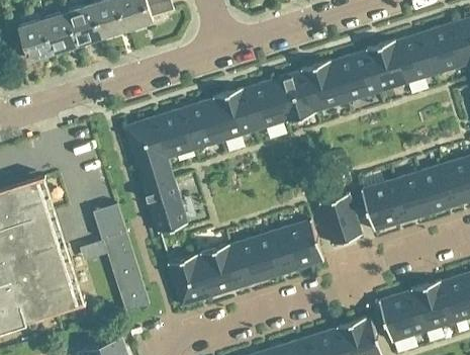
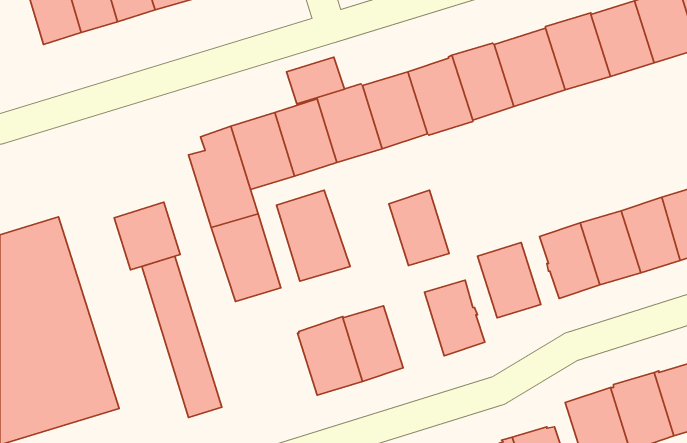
building: none -> [286,57,344,104]
building: none -> [277,190,350,281]
building: none -> [114,202,180,270]
building: [257,228,297,278] -> [389,190,449,266]
building: [168,254,212,306] -> none

